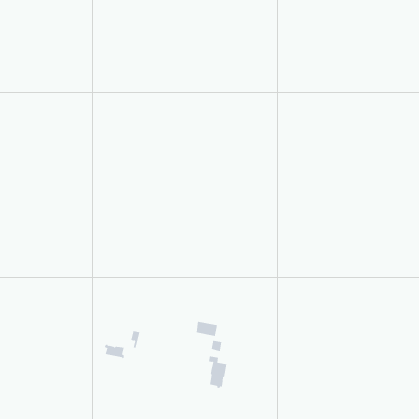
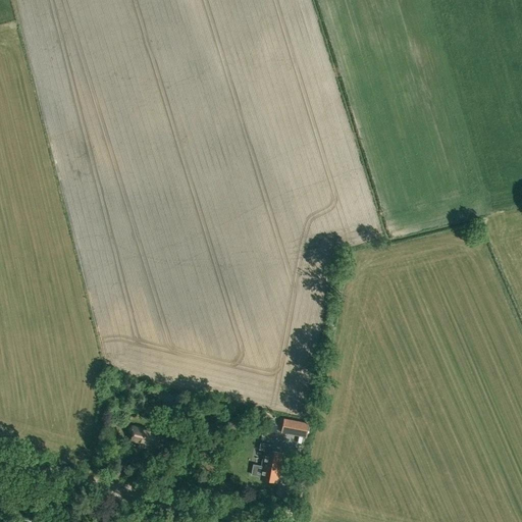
building: [196,321,218,337] -> [281,418,309,437]

